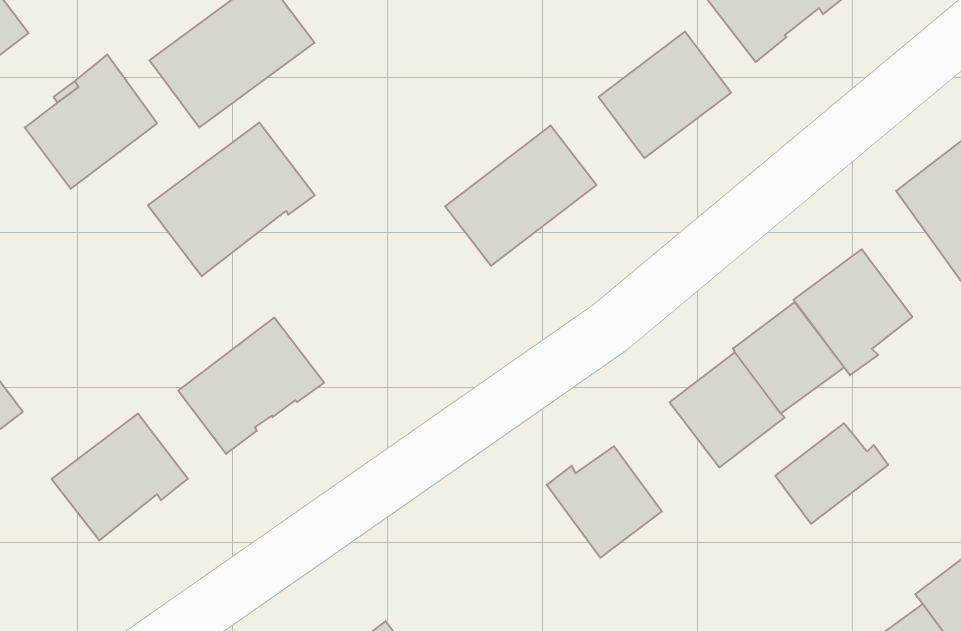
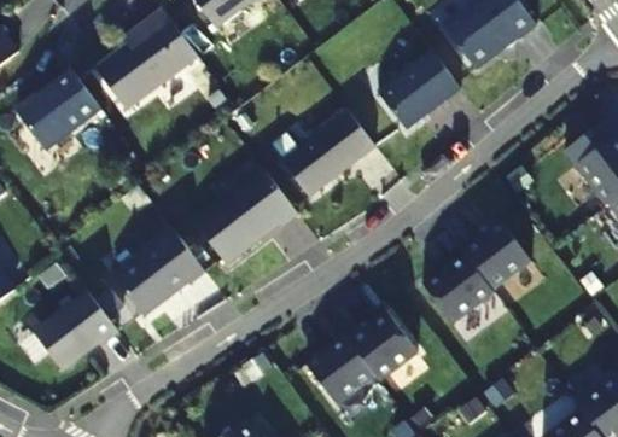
building: [148,122,315,276] -> [192,168,297,264]
building: [794,249,912,375] -> none
building: [775,423,888,524] -> none
building: none -> [305,334,374,403]

